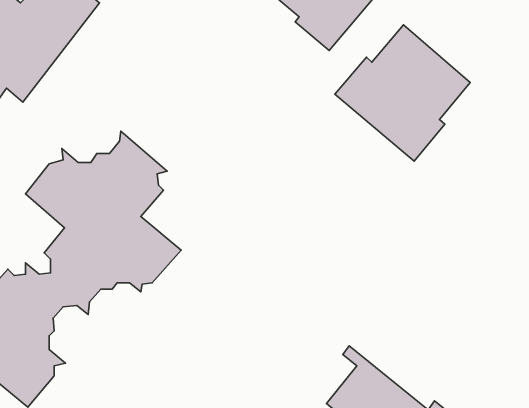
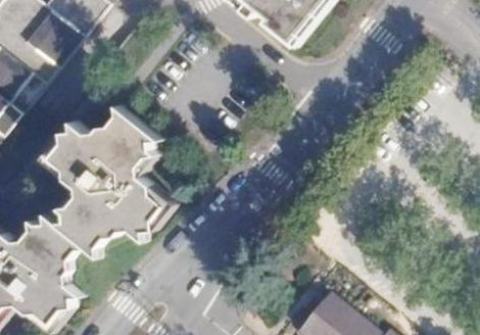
building: [335,25,470,161] -> none

